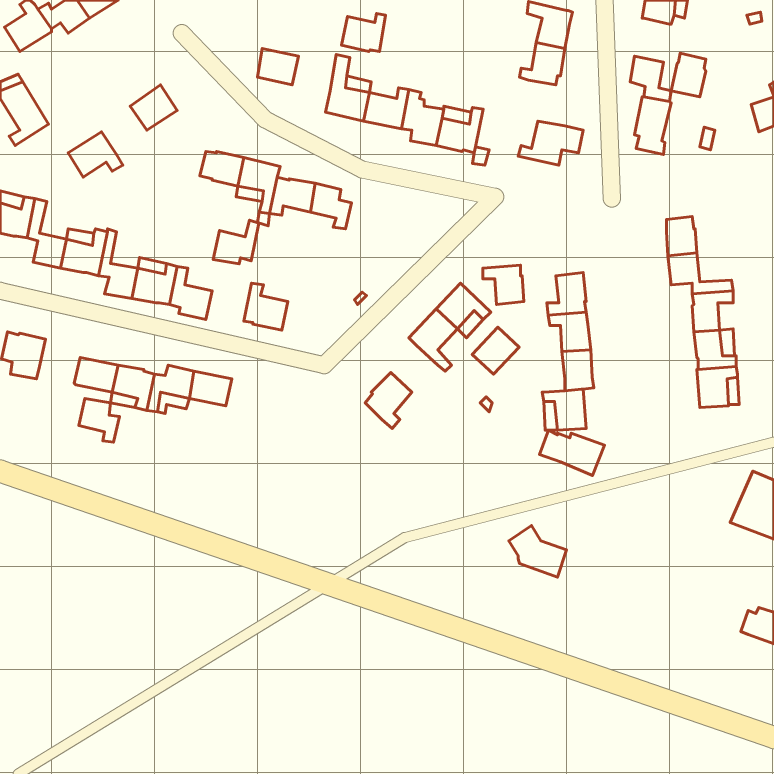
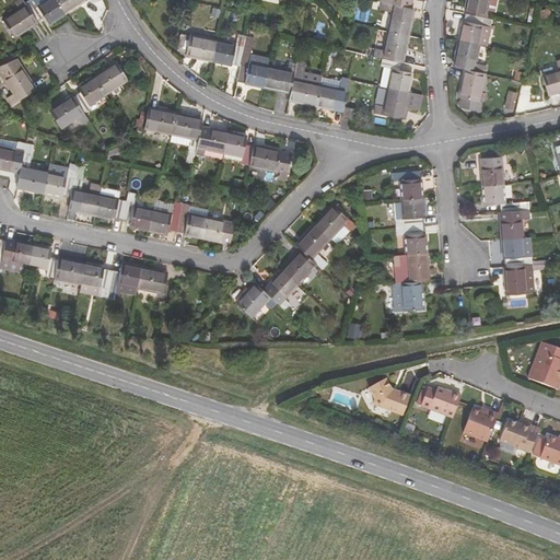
building: [342,14,385,51] -> [211,38,243,66]
building: [671,53,706,97] -> [458,13,483,45]
building: none -> [380,58,411,91]
building: none -> [73,77,106,112]
building: none -> [249,145,291,176]
building: [213,220,259,264] -> [149,202,182,234]
building: [483,265,524,305] -> [392,171,421,199]
building: none -> [203,218,234,242]
building: [472,327,519,374] -> [282,249,316,283]
building: none -> [236,282,276,317]
building: [79,398,120,442] -> [28,245,58,277]
building: [539,430,605,476] -> [415,386,462,419]
building: none -> [464,409,499,443]
building: none -> [500,420,539,454]

